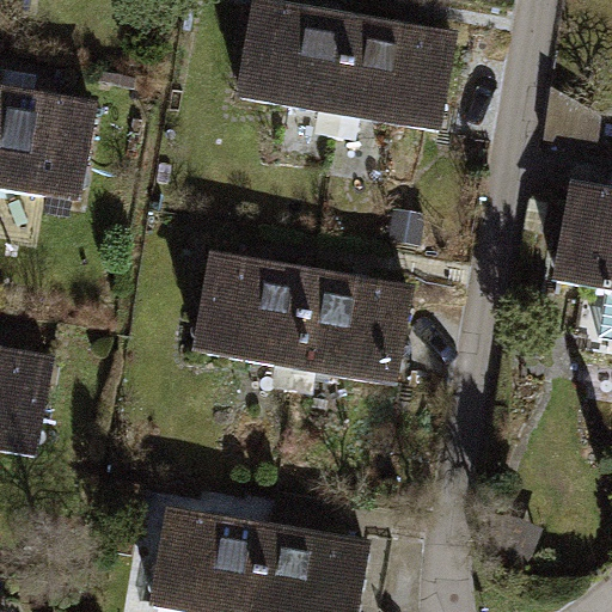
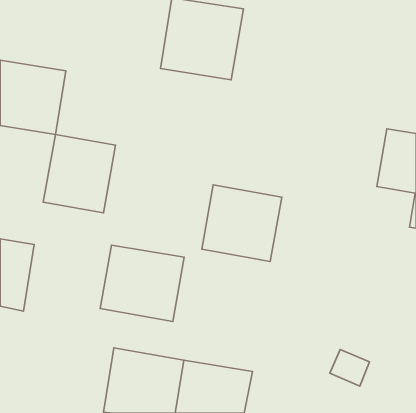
building: [339,13,461,134] -> none
building: none -> [43,134,116,213]
building: [190,253,313,366] -> [100,245,184,322]

